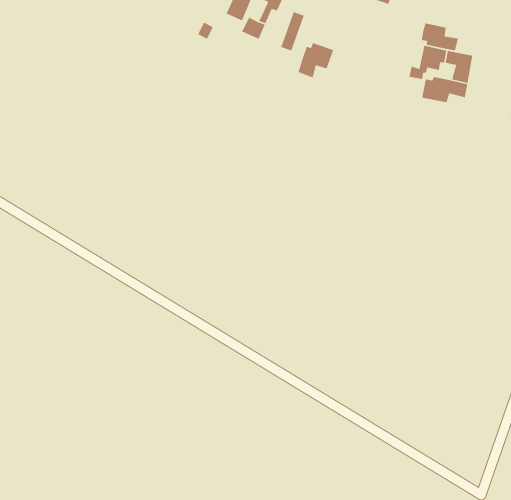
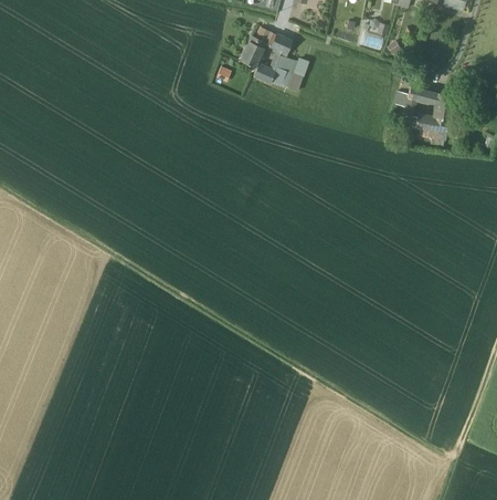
building: [421,22,459,51] -> none
building: [297,42,334,78] -> none

